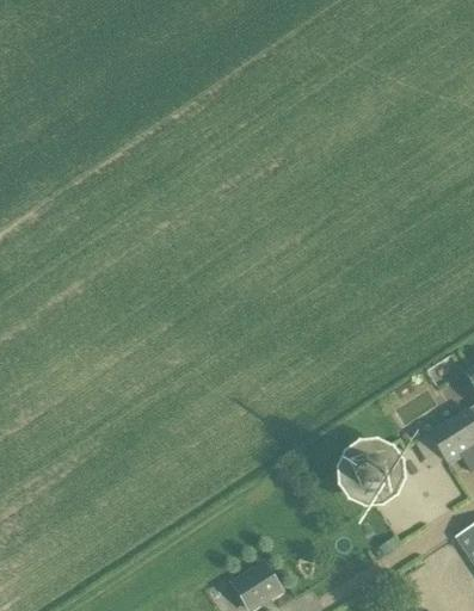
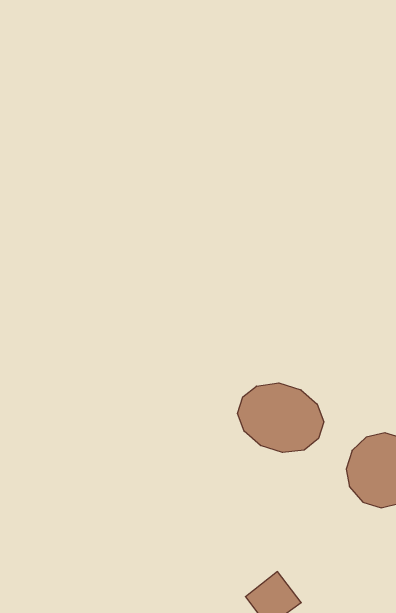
building: none -> [238,383,324,452]

